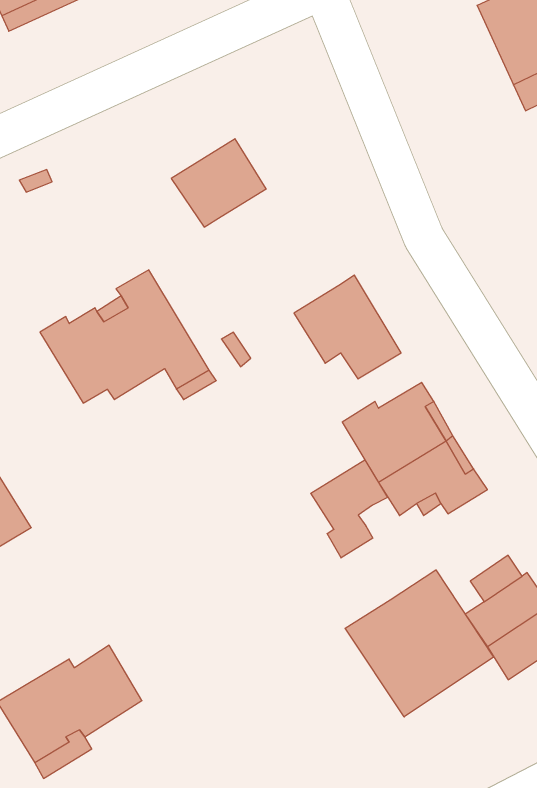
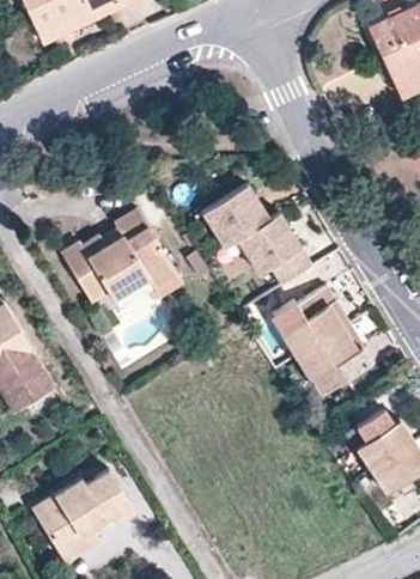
building: [171,139,266,227] -> [203,185,269,246]
building: [311,460,387,558] -> none
building: [345,570,493,717] -> none

